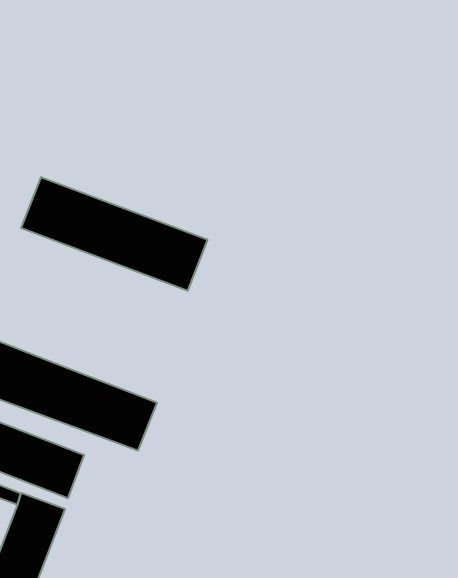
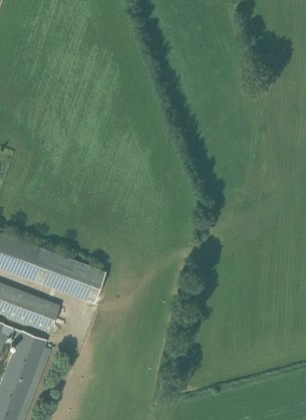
building: [21,177,207,291] -> none

